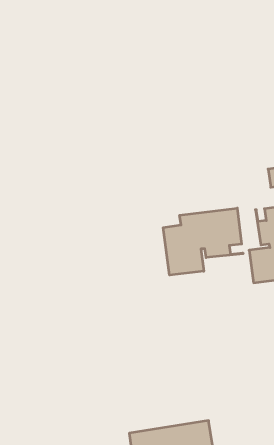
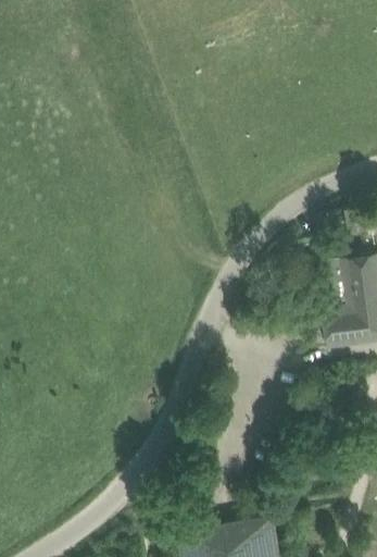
building: [163,208,243,275] -> none

